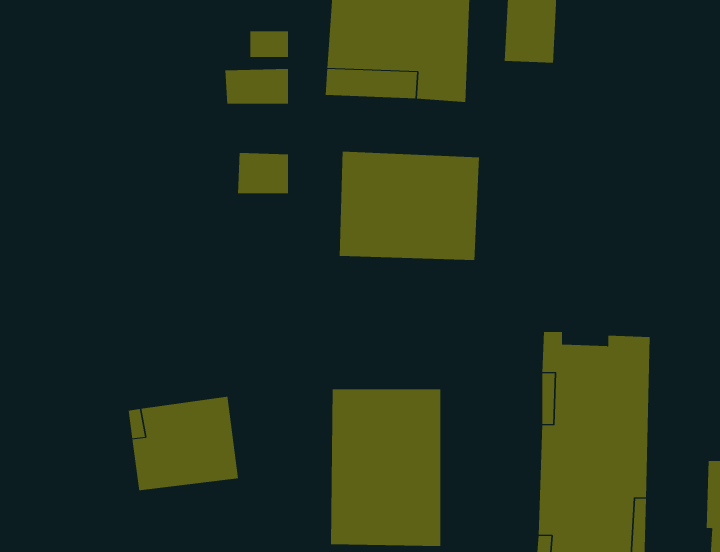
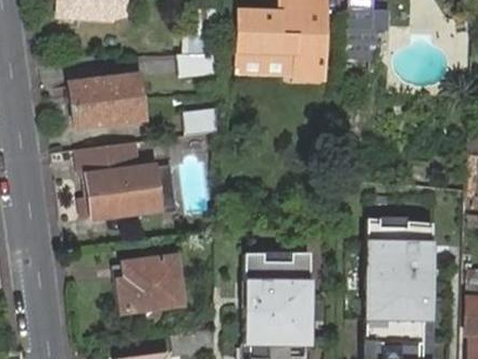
building: none -> [71,76,147,128]
building: [339,151,479,261] -> none
building: none -> [79,141,177,215]

